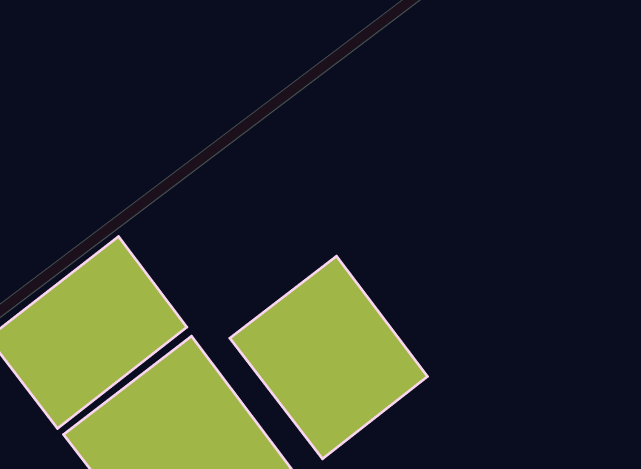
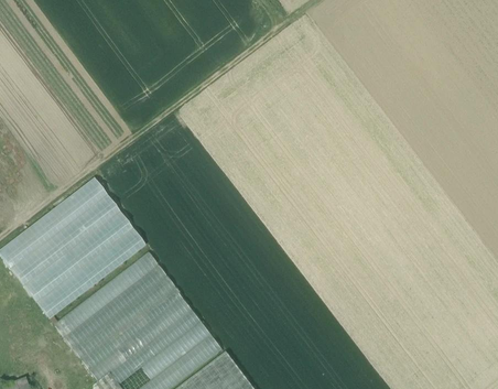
building: [230,256,427,459] -> none

